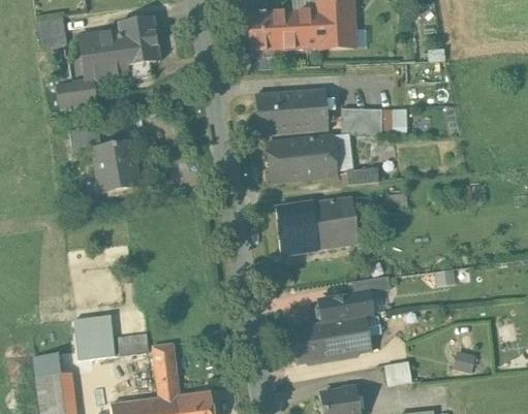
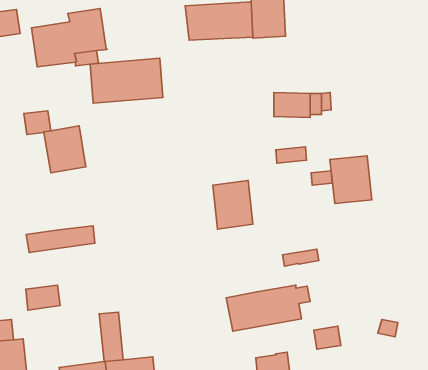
building: [58,81,96,104] -> none
building: [254,86,333,134] -> [90,58,163,103]
building: [270,135,335,180] -> none
building: [314,197,360,249] -> [330,156,372,204]
building: [316,291,372,322] -> none
building: [75,332,150,361] -> [26,226,95,253]

